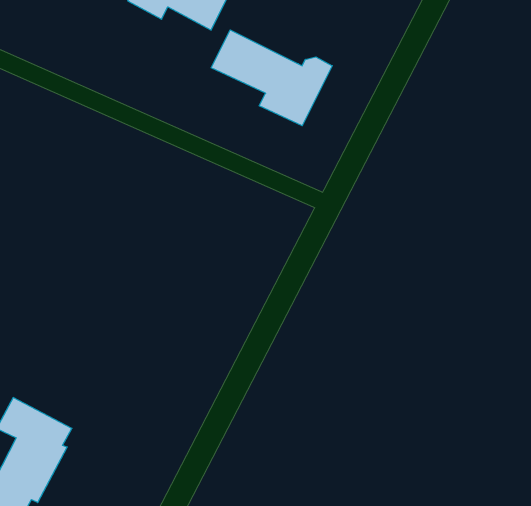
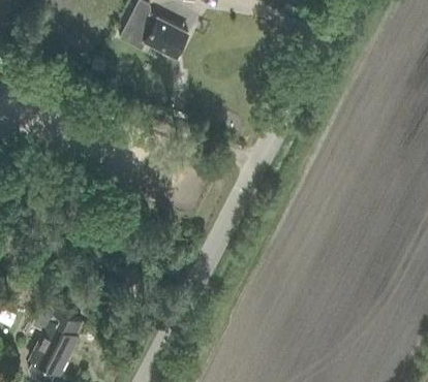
building: [211,30,332,126] -> none

